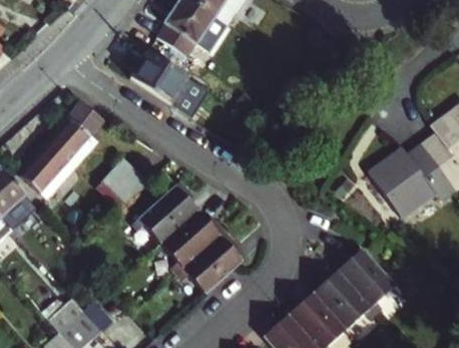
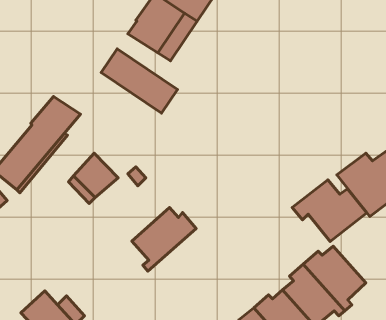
building: [131,181,198,245] -> none
building: none -> [292,180,367,241]
building: [176,232,243,295] -> none

